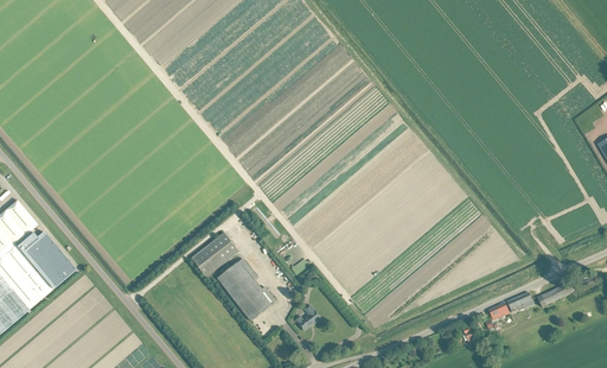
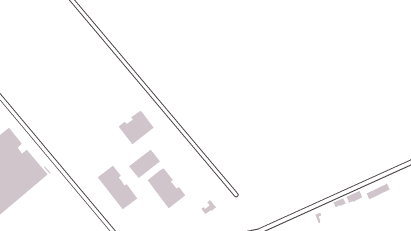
building: none -> [117,110,155,146]
building: none -> [96,165,138,210]

